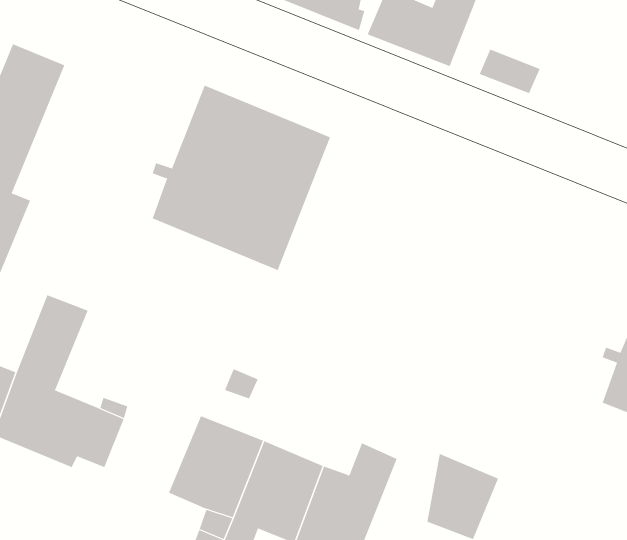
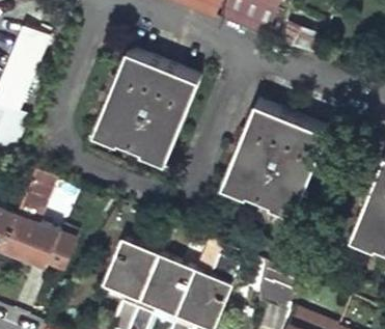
building: none -> [223,102,327,209]

